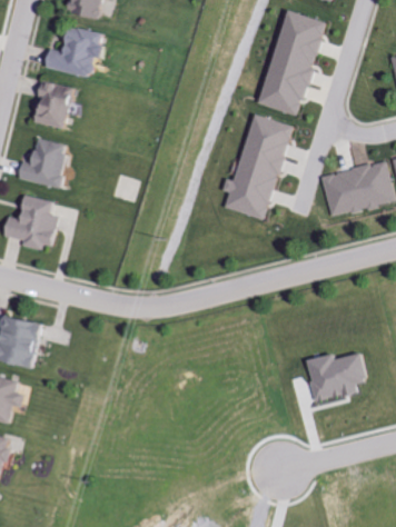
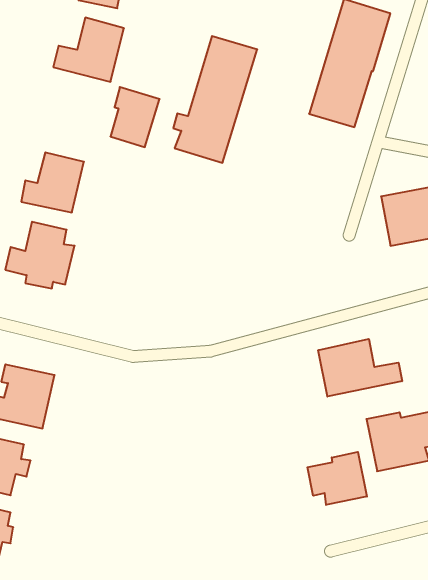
building: [36,79,77,129] -> [110,87,160,147]
building: [222,113,293,219] -> [173,36,257,163]
building: none -> [318,339,402,397]
building: none -> [307,452,367,505]

